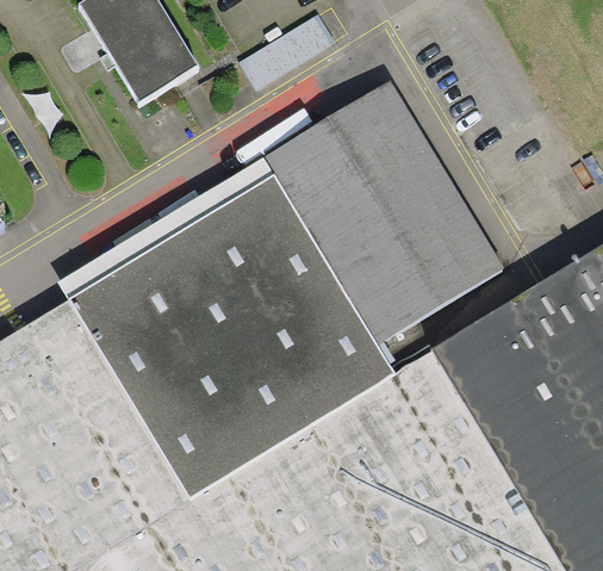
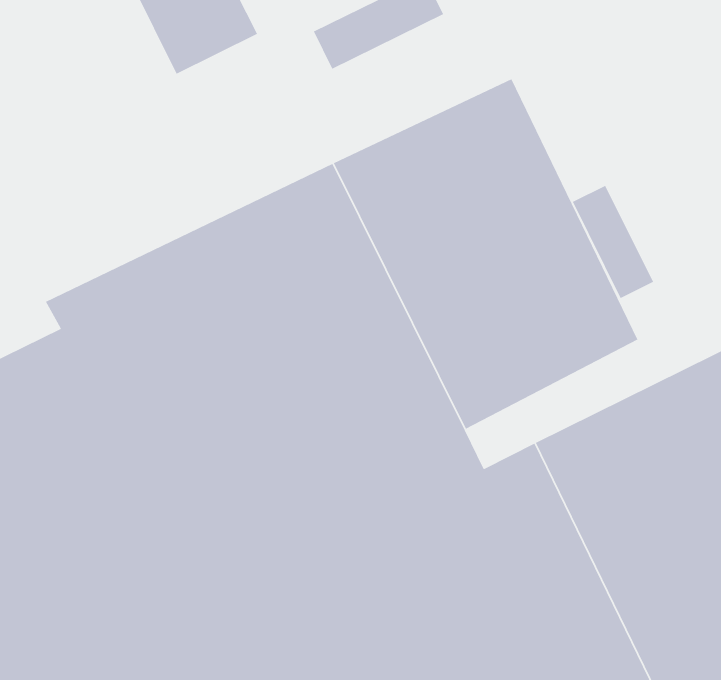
building: none -> [572,185,654,299]

